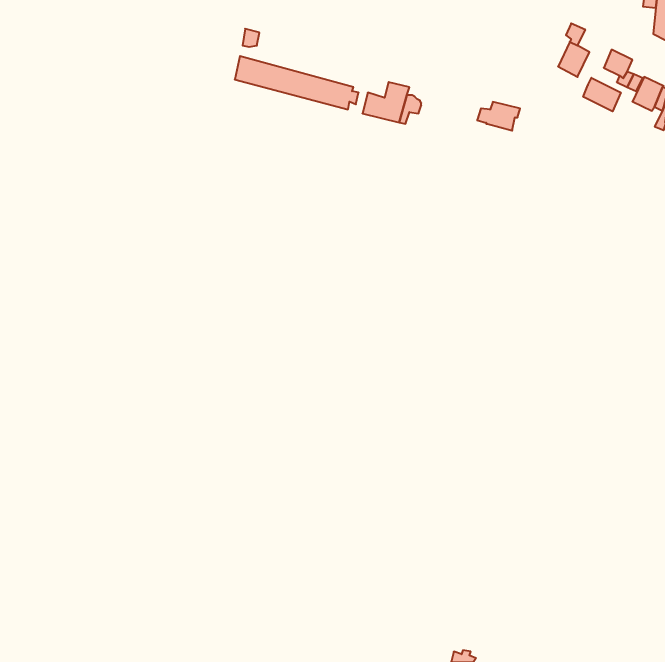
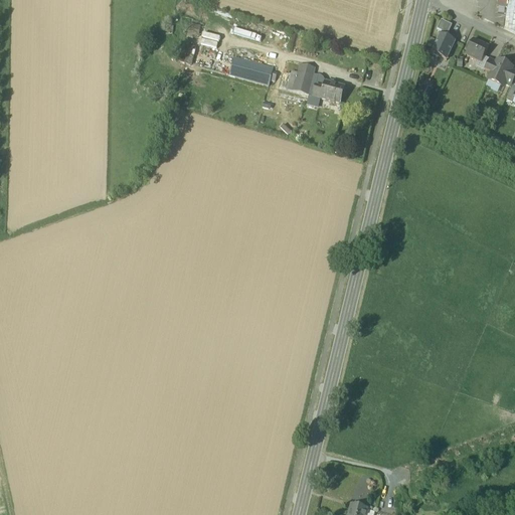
building: [583,78,621,111] -> none
building: [477,102,520,131] -> [314,81,347,104]

